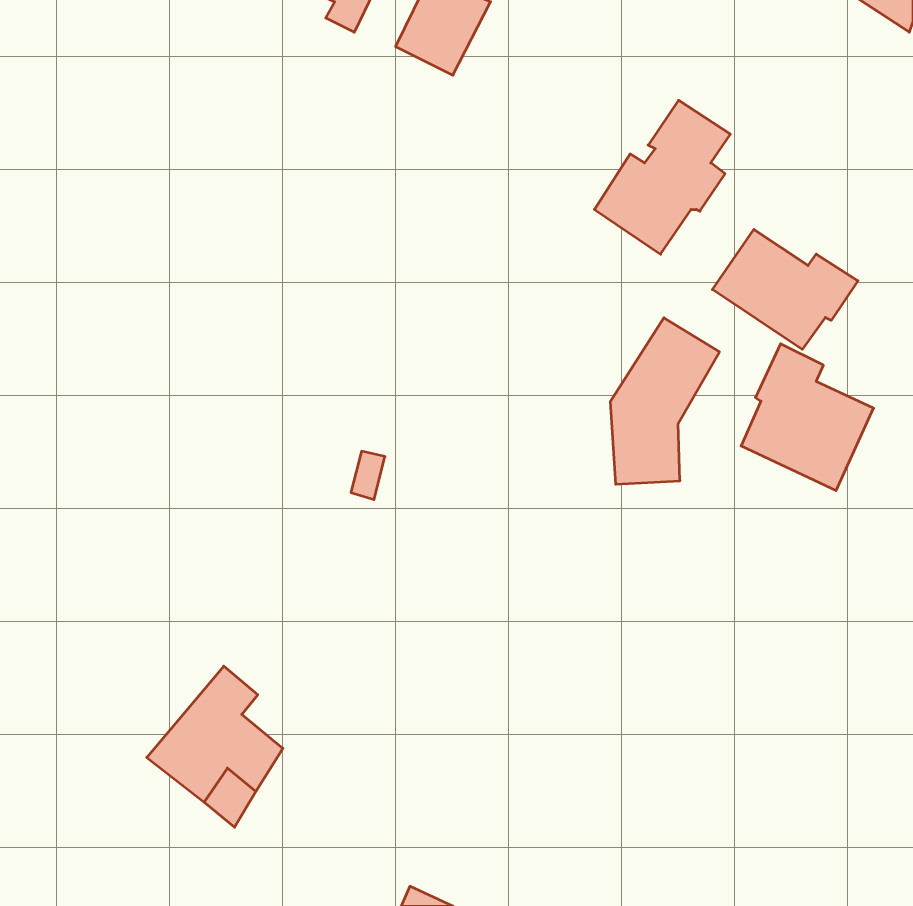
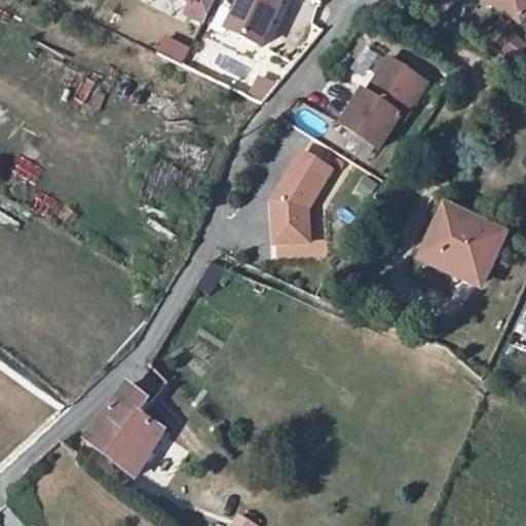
building: [712,229,858,349] -> none
building: [610,318,719,484] -> [270,149,333,245]

